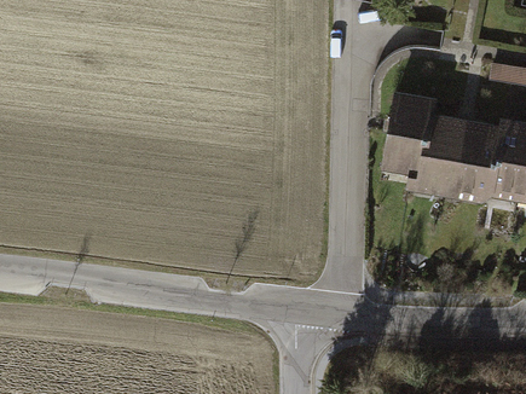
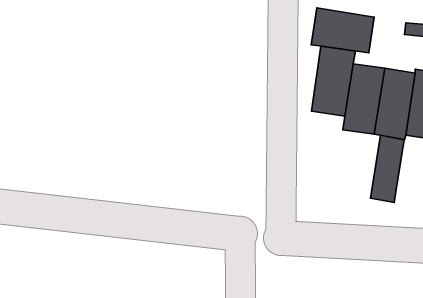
building: none -> [311,8,374,53]
building: none -> [371,135,404,203]

